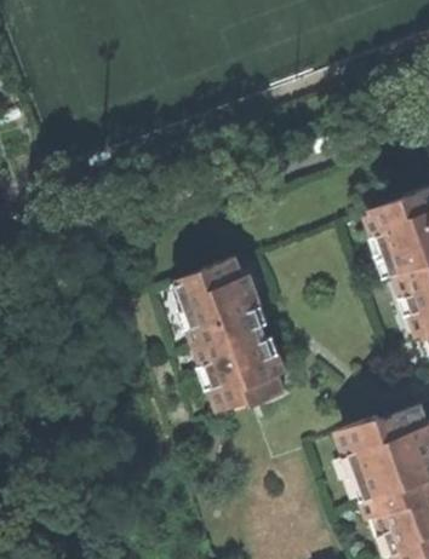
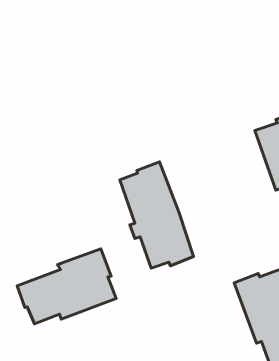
building: none -> [17,249,116,324]

